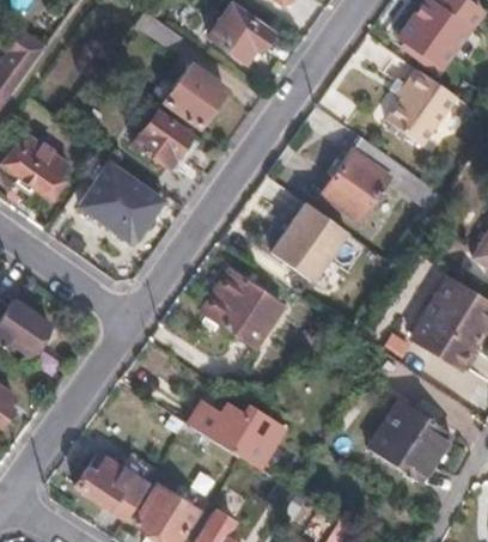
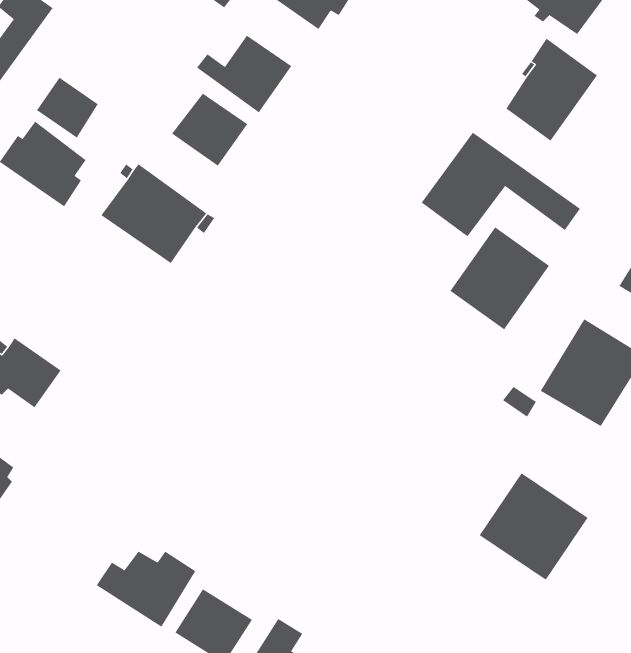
building: none -> [36,77,98,139]
building: [272,201,348,280] -> [449,227,550,330]
building: [203,273,280,347] -> none
building: [188,398,286,467] -> none

